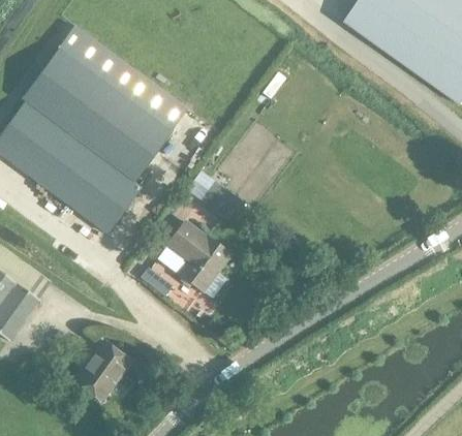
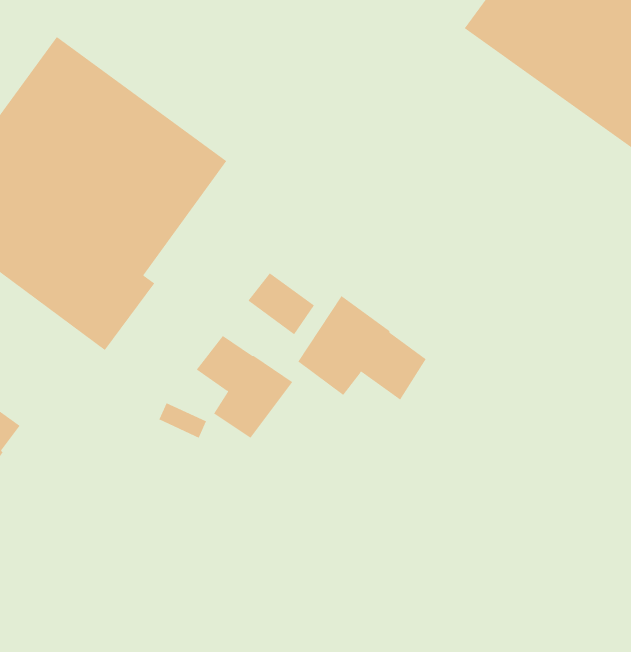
building: none -> [298,295,427,400]
building: [73,342,129,402] -> none

